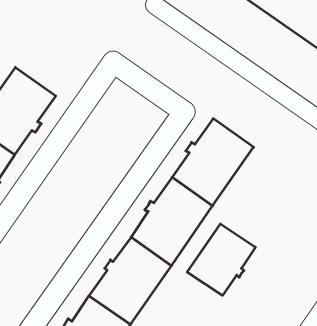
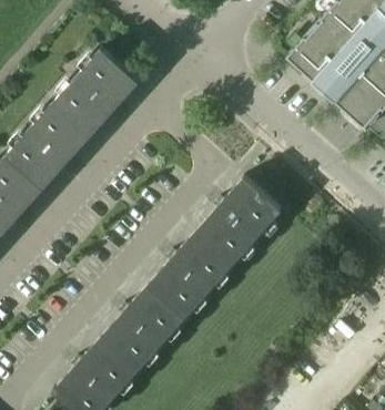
building: none -> [53,49,139,135]
building: [187,224,255,295] -> none

